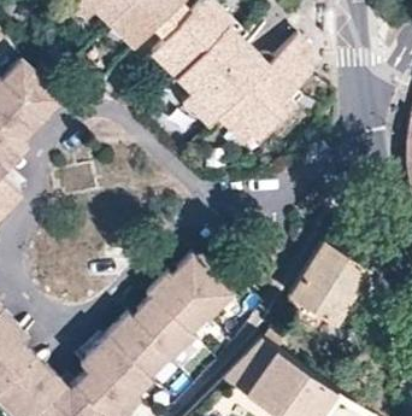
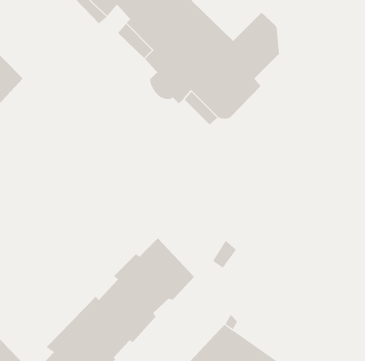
building: [289,239,367,322] -> none

